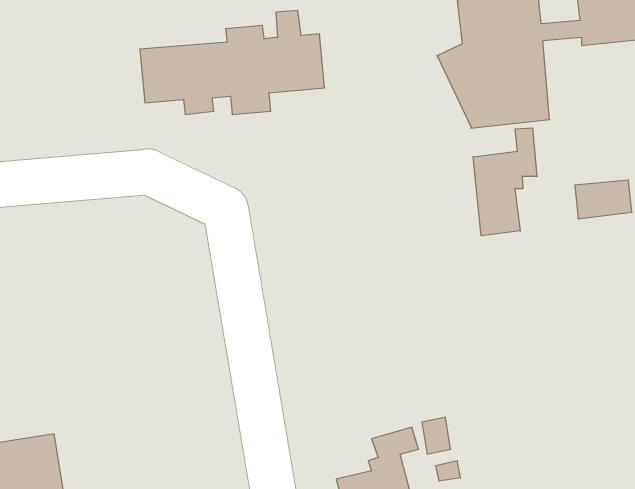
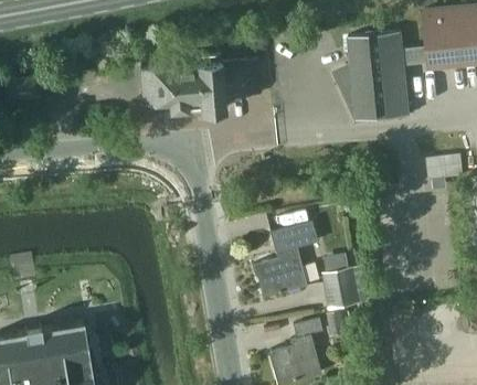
building: [473,128,537,236] -> none
building: none -> [254,221,318,298]
building: none -> [321,268,358,309]

